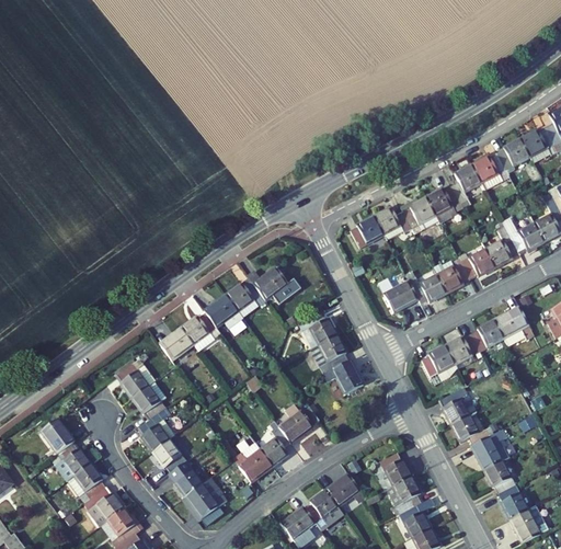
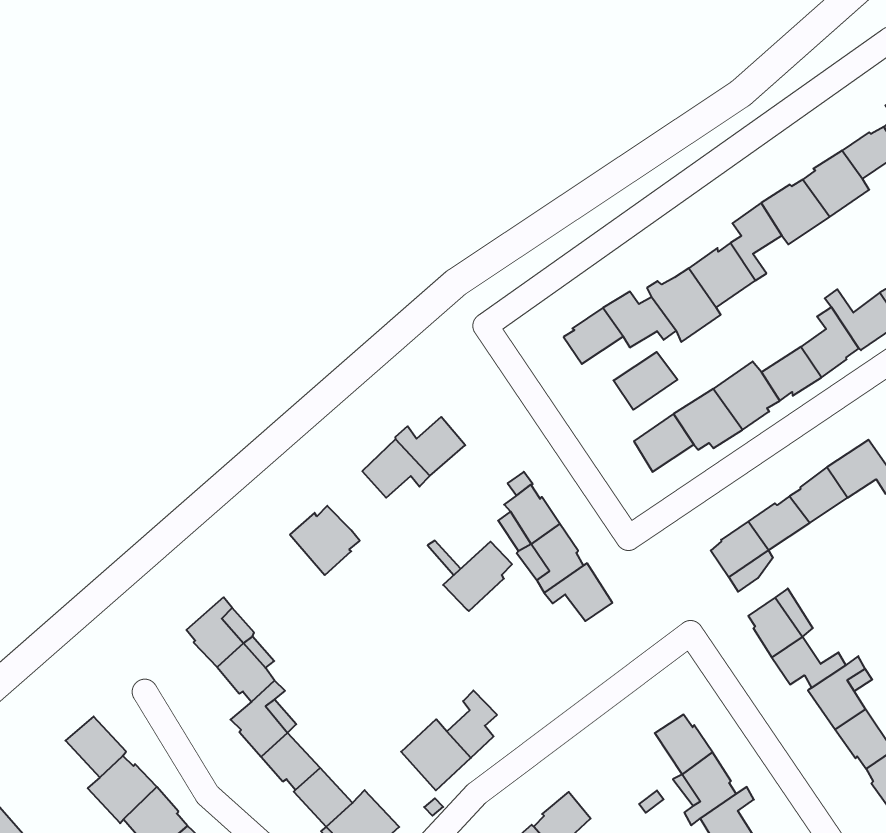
building: none -> [613,352,677,410]
building: [205,294,240,327] -> none
building: [161,325,195,359] -> none
building: [278,403,319,442] -> [443,542,512,611]
building: [327,473,360,505] -> none

